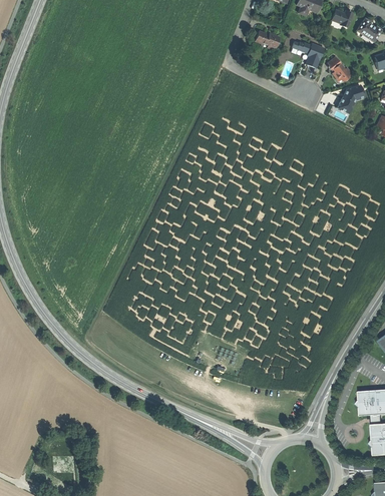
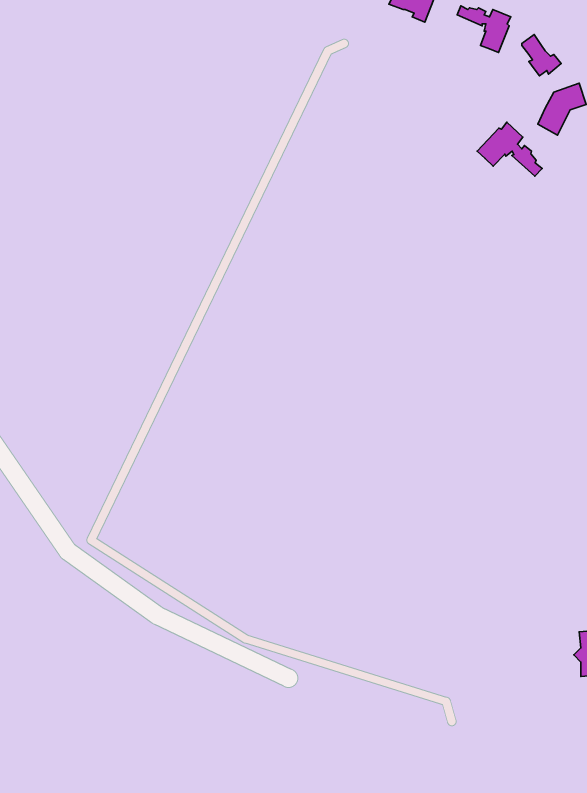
building: none -> [477,122,542,176]

